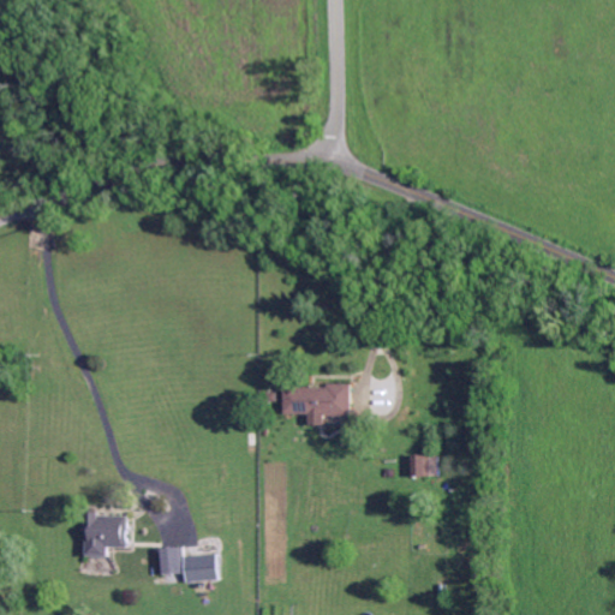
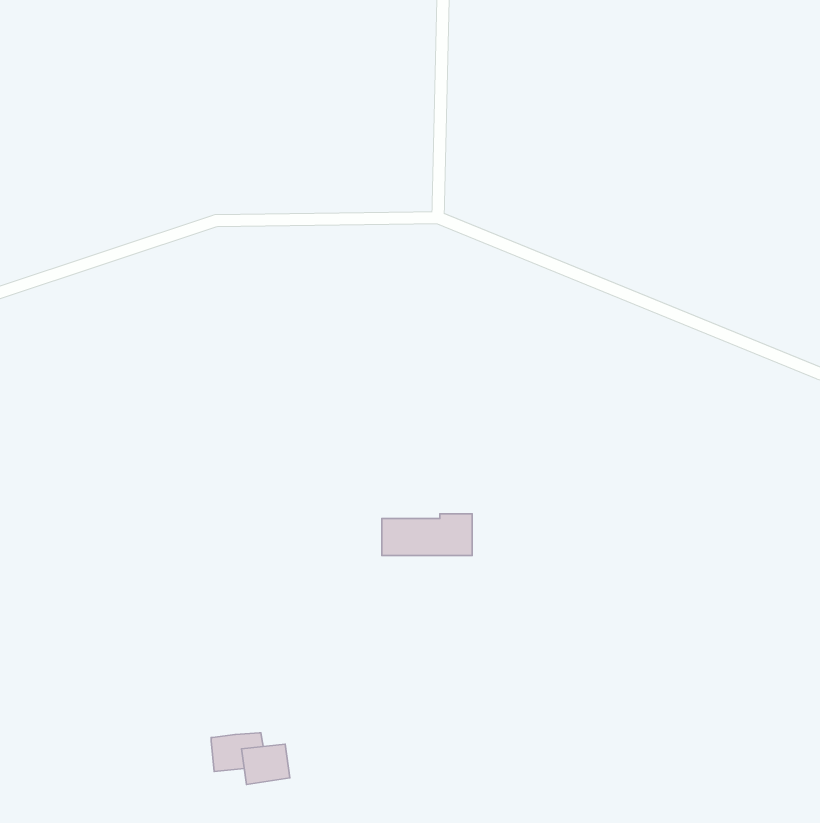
building: [407,456,434,477] -> none
building: [83,513,126,556] -> none

